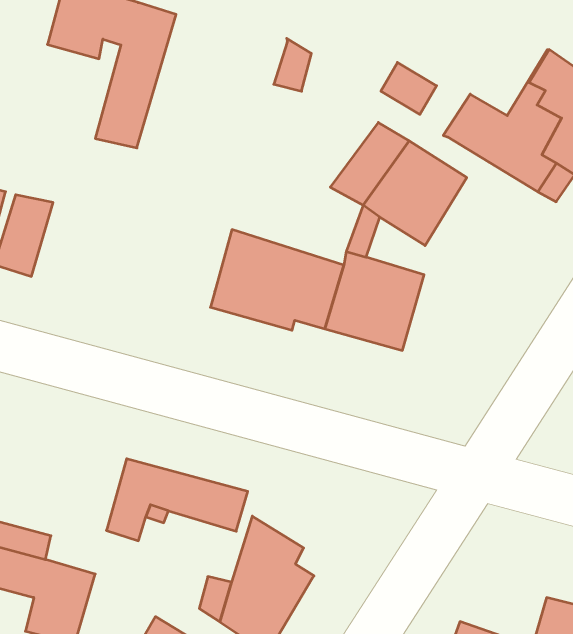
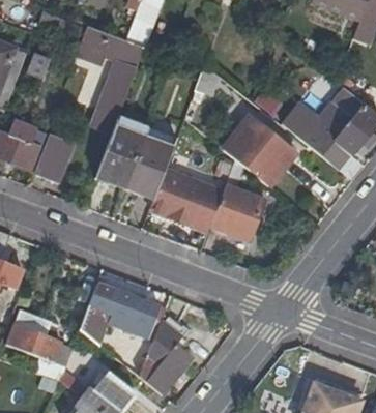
building: none -> [95,127,173,199]

